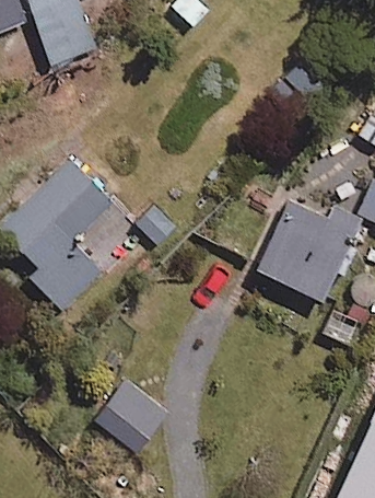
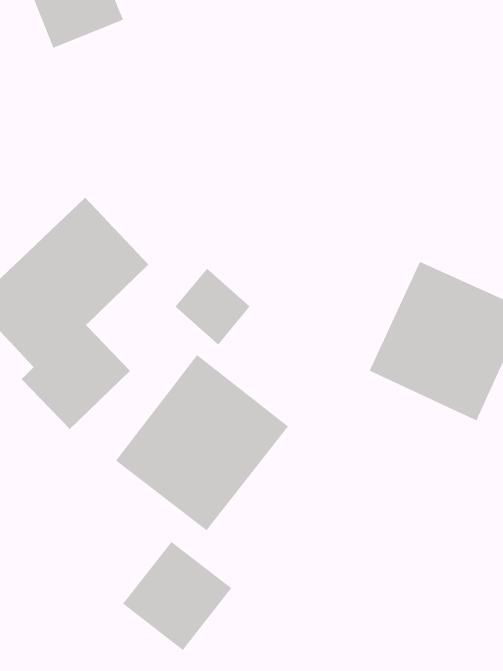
building: none -> [115,354,289,531]

